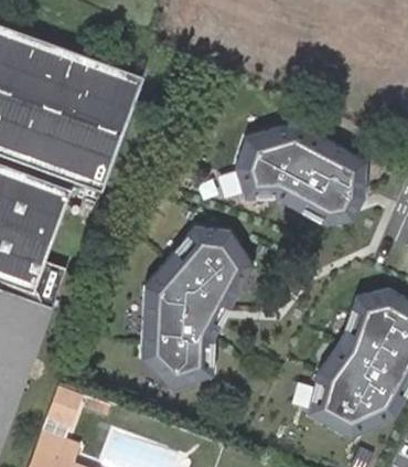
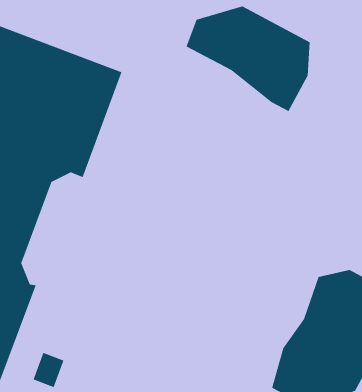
building: [230,126,364,240] -> [186,6,311,112]
building: [137,229,249,394] -> none

